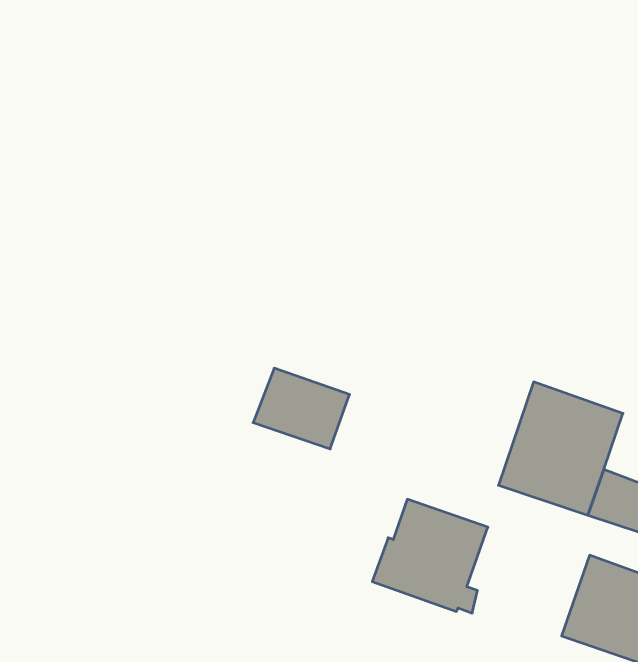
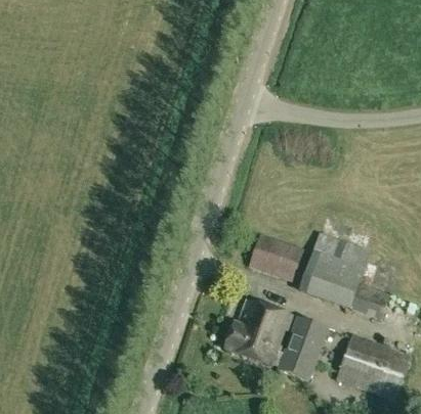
building: [253,368,350,449] -> [247,233,303,280]
building: none -> [282,318,327,378]

